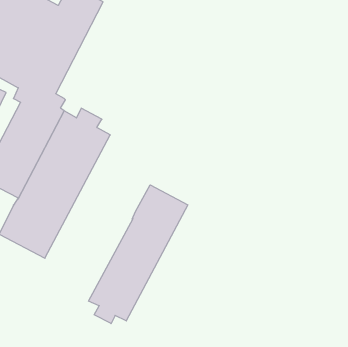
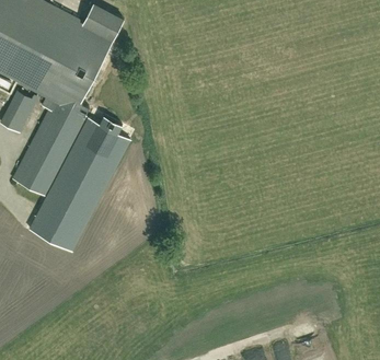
building: [89,185,188,324] -> none

